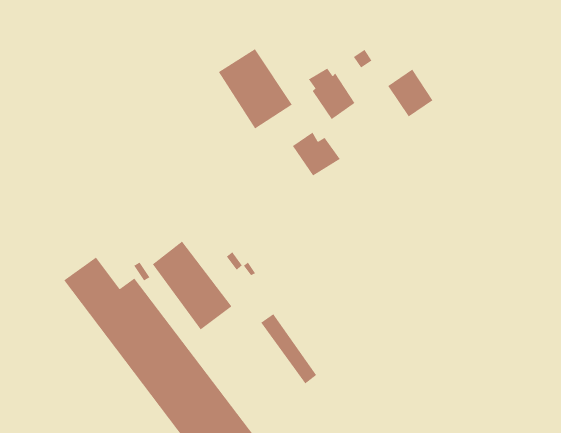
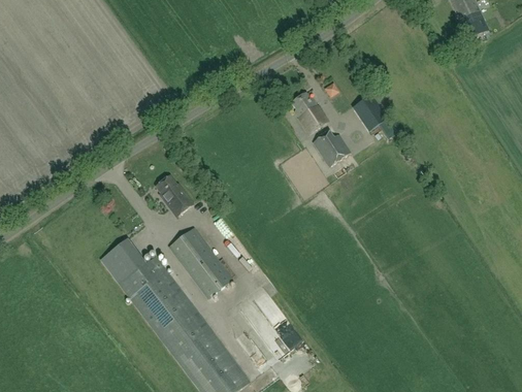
building: [218,48,293,130] -> none
building: [292,131,341,176] -> [313,131,351,166]
building: none -> [156,176,193,217]

